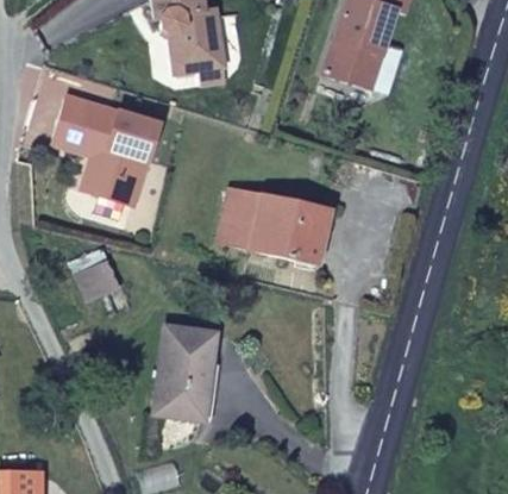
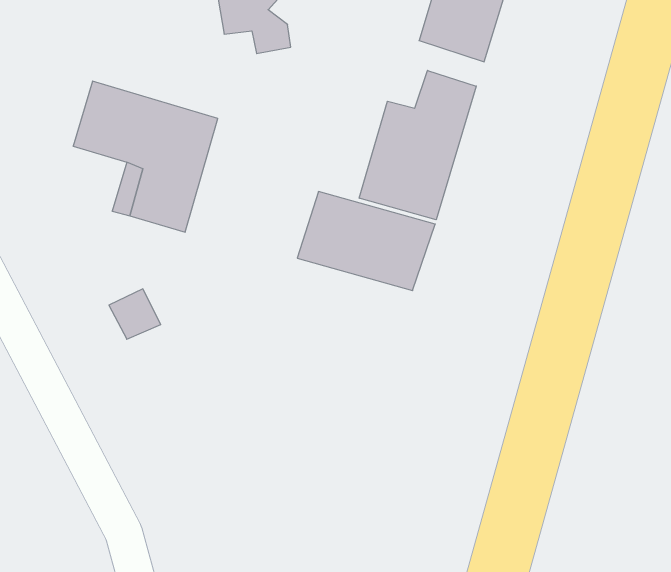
building: none -> [359,70,476,220]
building: [162,324,230,420] -> none

